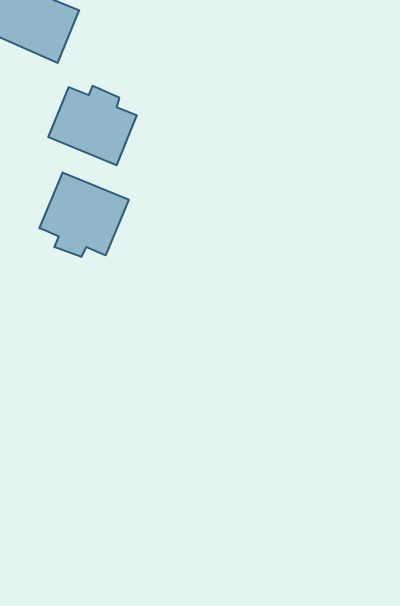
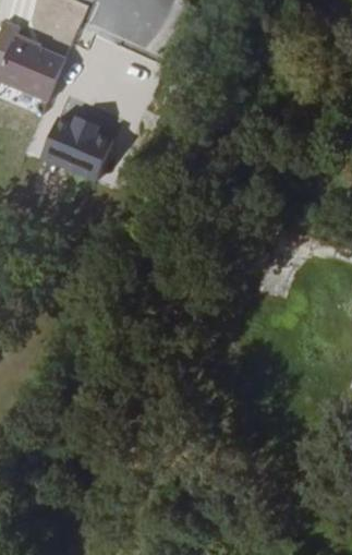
building: [39,172,129,257] -> none

